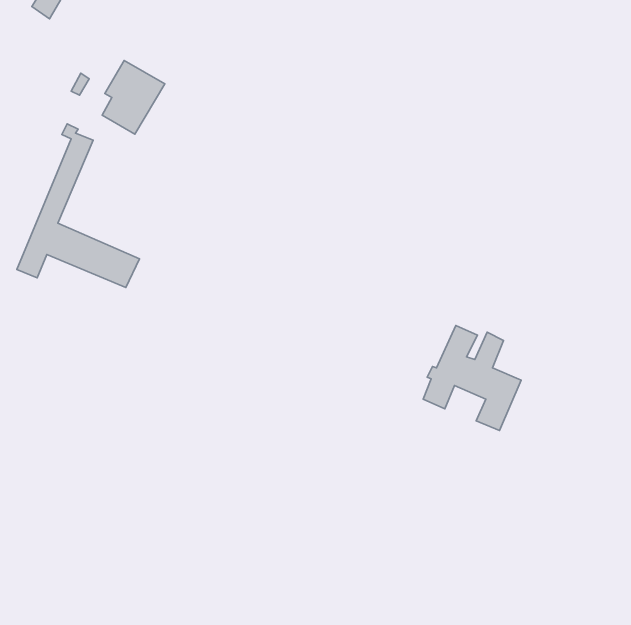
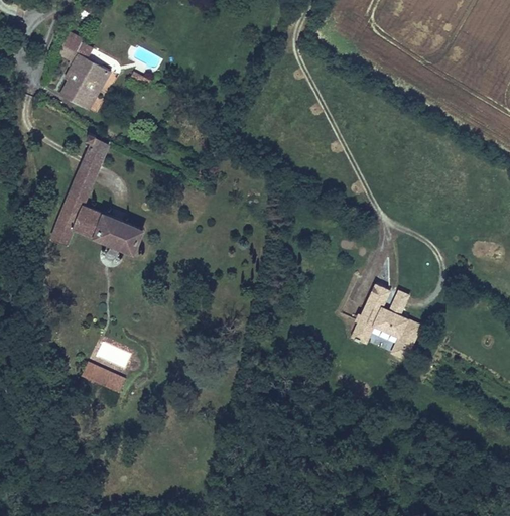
building: [102,61,165,134] -> [61,55,108,110]
building: none -> [82,360,127,392]

